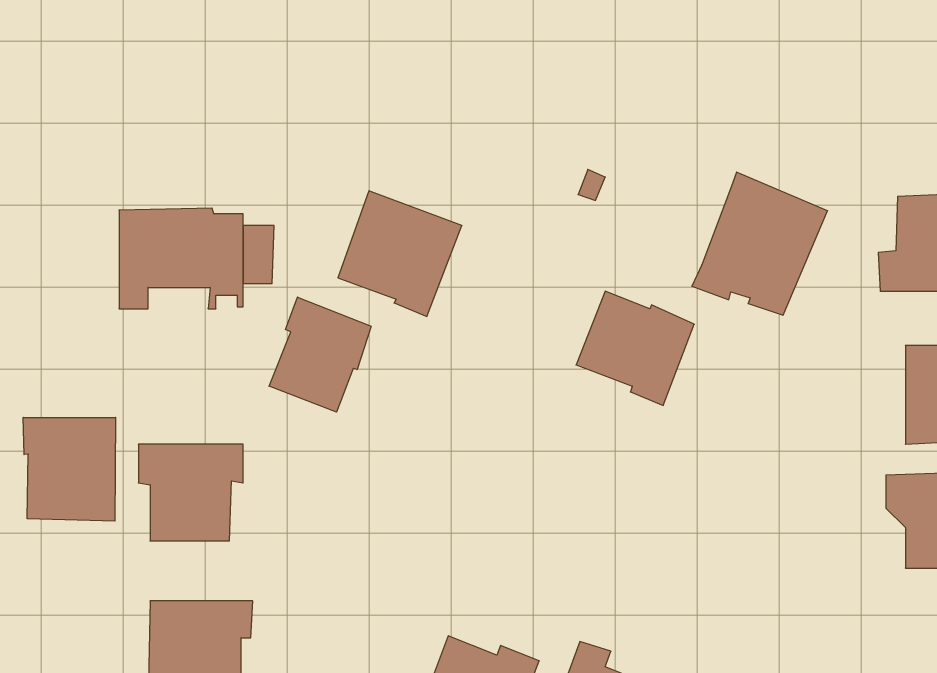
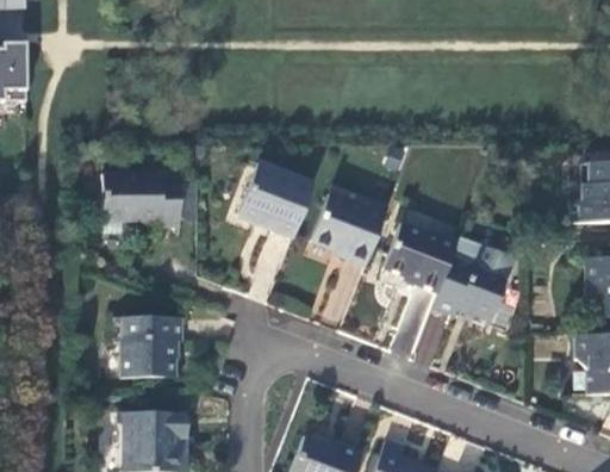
building: [692,172,828,315] -> [432,236,516,324]
building: none -> [312,188,388,263]
building: [269,297,371,412] -> none
building: [23,417,116,521] -> none

